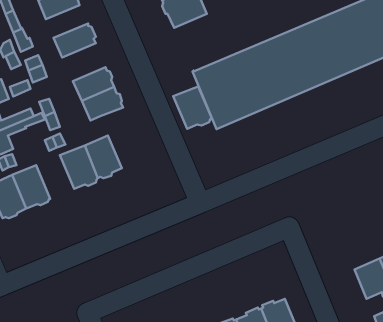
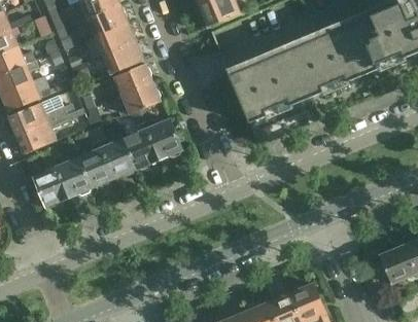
building: none -> [86,5,127,36]
building: none -> [102,41,142,73]
building: [173,86,212,129] -> [145,119,182,159]
building: none -> [77,147,113,188]

